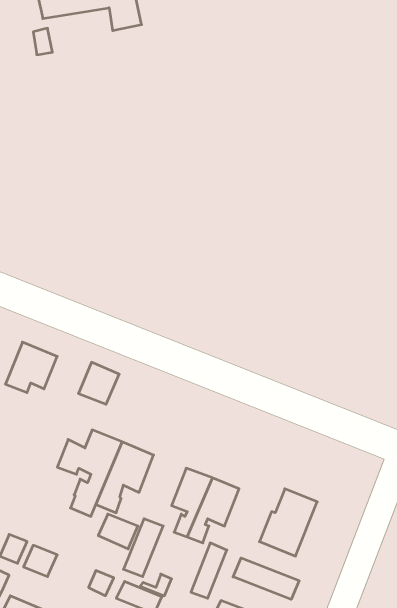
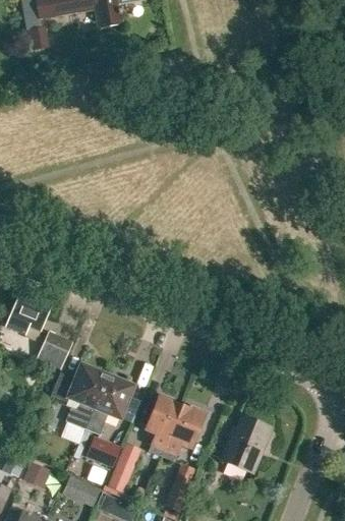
building: [78,362,119,404] -> [38,333,72,368]
building: [233,558,299,599] -> none

